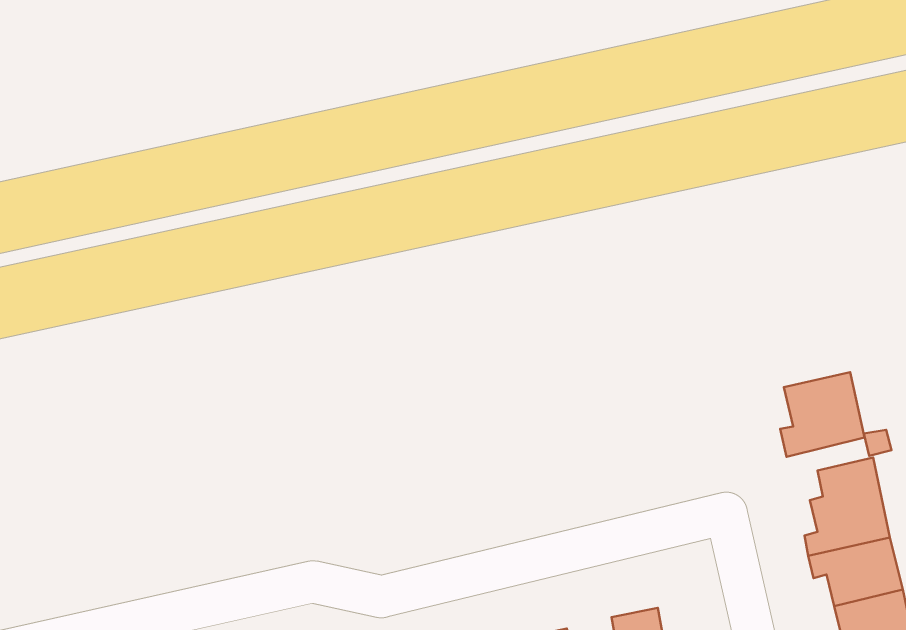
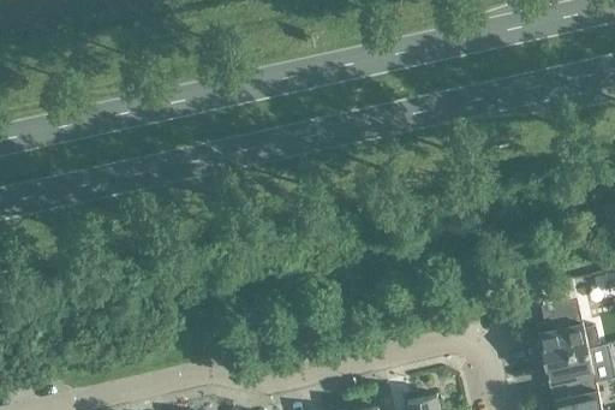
building: [780,372,865,457] -> none

